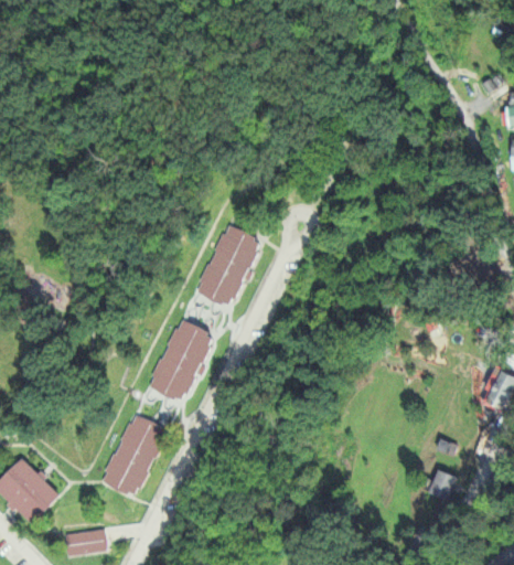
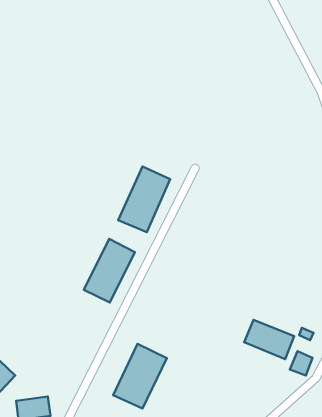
building: [98,414,169,499] -> [113,344,167,409]
building: none -> [244,320,294,359]

